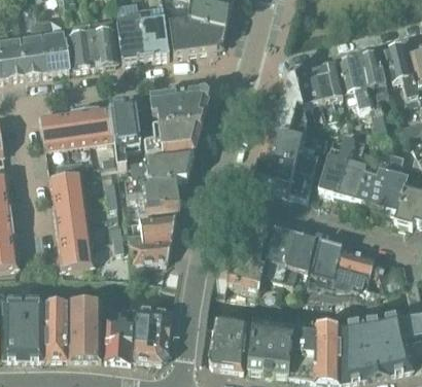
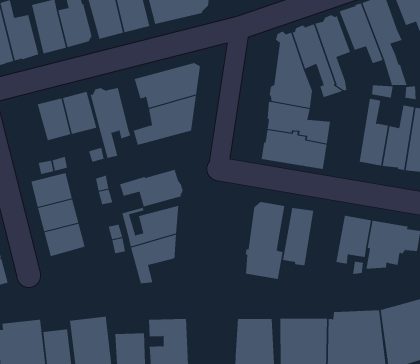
building: [39,111,67,147] -> none
building: [317,138,353,195] -> none
building: [132,153,194,186] -> none
building: [280,233,315,283] -> none
building: [58,241,94,269] -> none

